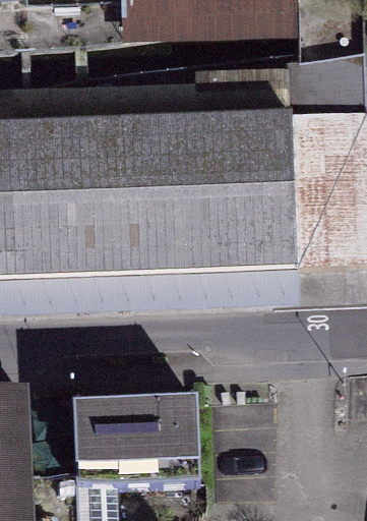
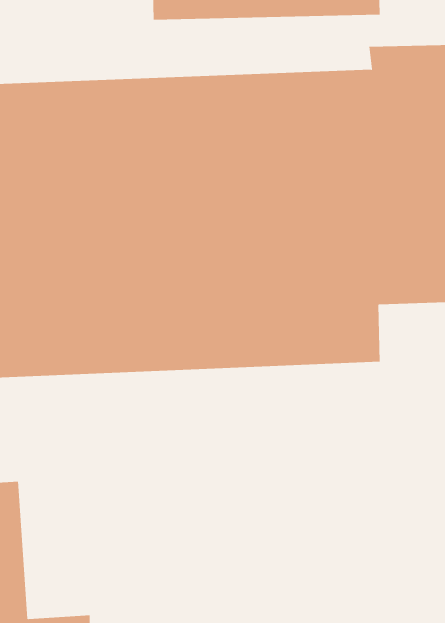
building: [76,395,201,486] -> none

